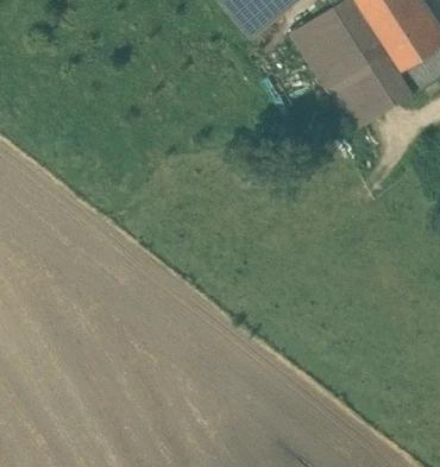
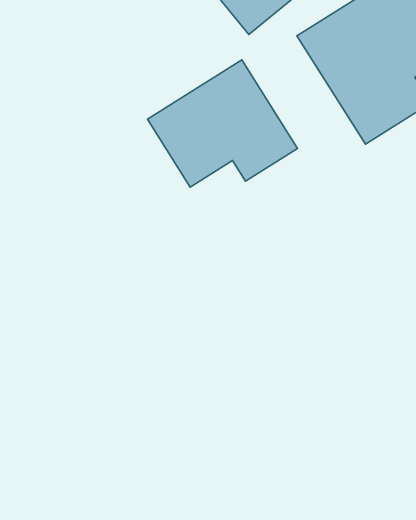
building: none -> [147,60,298,187]

